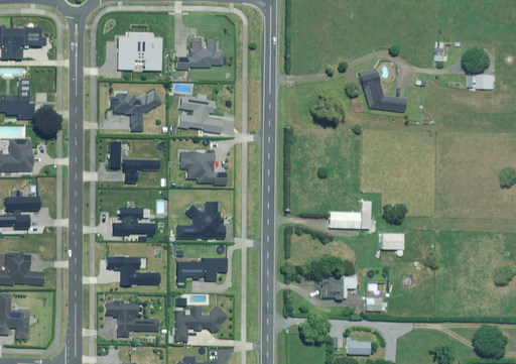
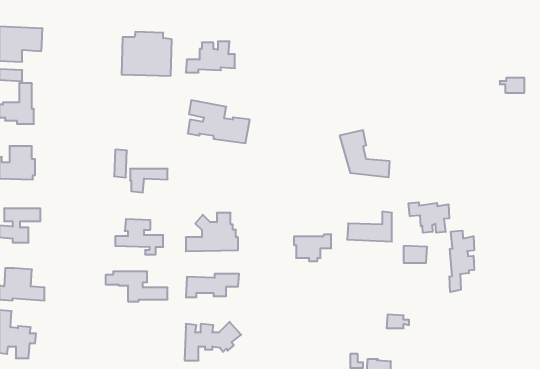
building: [358,68,405,112] -> [340,130,390,177]
building: [108,90,161,131] -> none
building: [179,152,226,185] -> none
building: none -> [408,202,449,233]
building: none -> [449,231,474,292]
building: [319,275,355,300] -> [294,234,331,261]
building: [105,300,158,337] -> none

